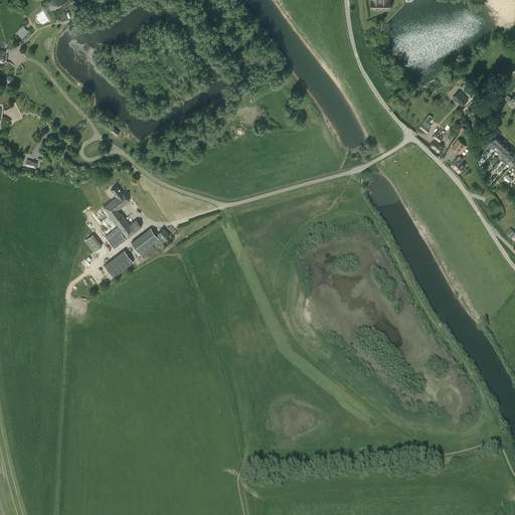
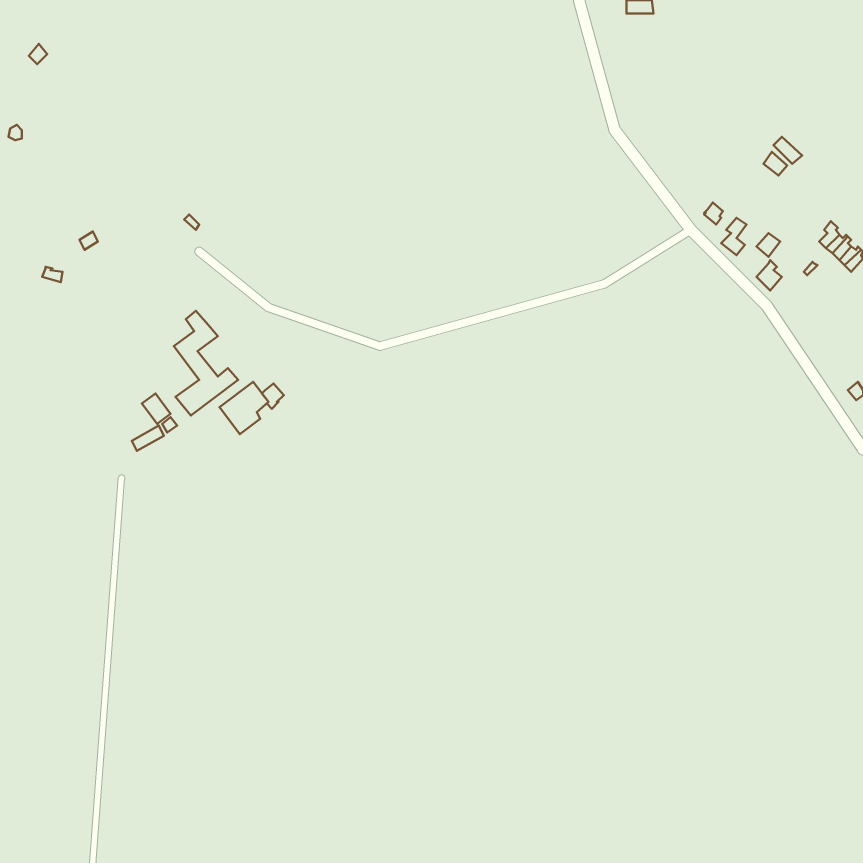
building: [104,249,133,277] -> none

